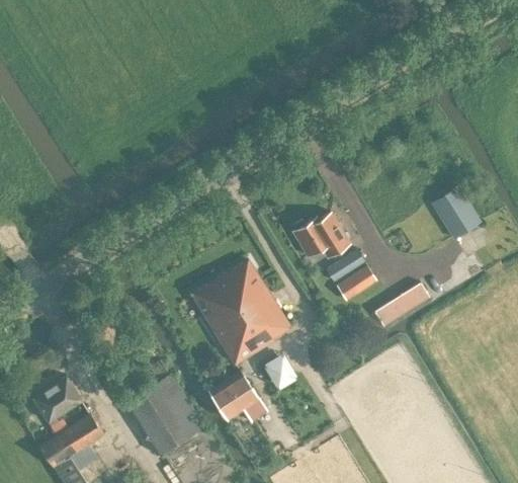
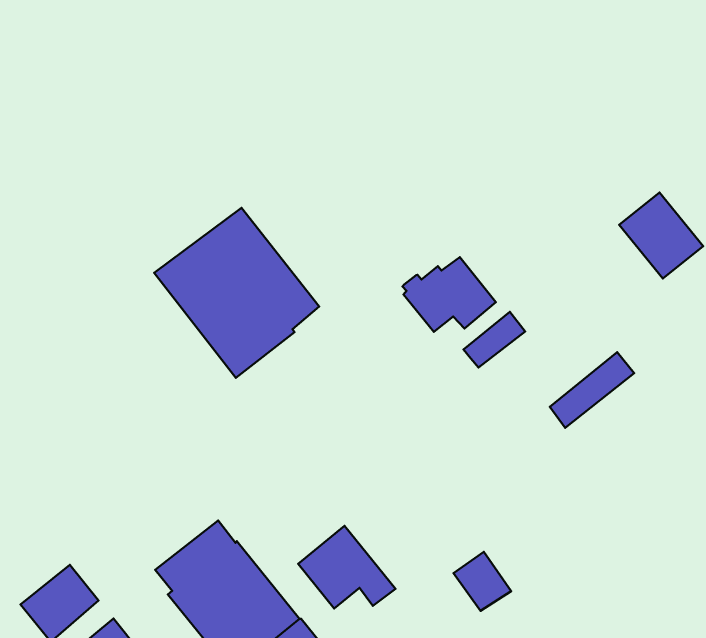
building: [191,260,291,366] -> [154,208,319,378]
building: [337,266,377,302] -> none
building: [265,351,299,388] -> [454,552,511,611]

